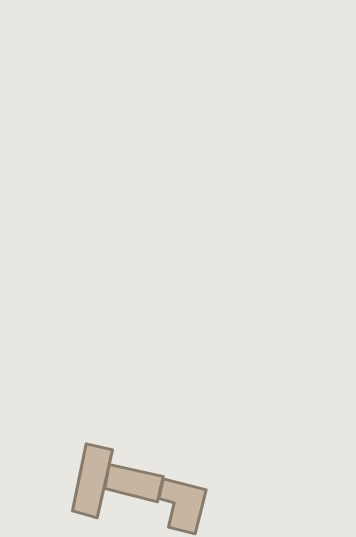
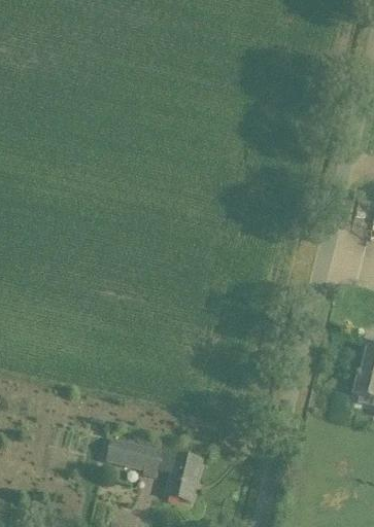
building: [72,444,112,518] -> none

